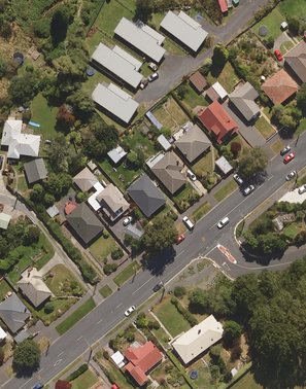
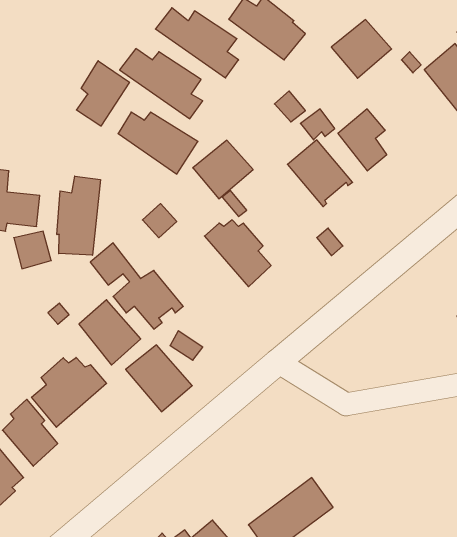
building: none -> [76,61,129,126]
building: [261,69,299,106] -> [331,20,392,78]
building: none -> [57,176,100,255]
building: [174,125,212,162] -> [193,140,253,199]
building: [125,174,167,216] -> [126,345,192,412]
building: none -> [32,357,107,427]

